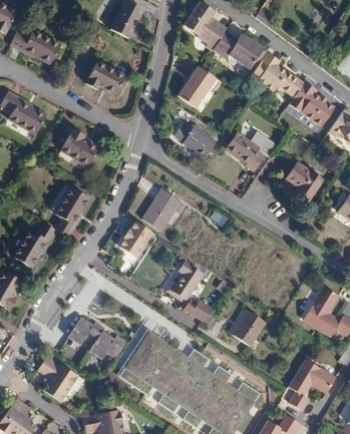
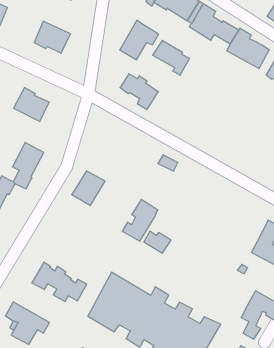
building: [227,132,266,170] -> [153,40,190,75]
building: [287,161,323,200] -> none
building: [142,188,185,231] -> none
building: [229,308,267,347] -> none

